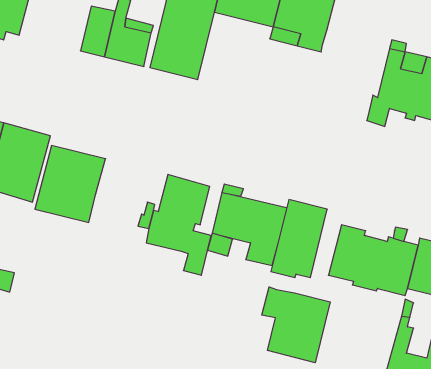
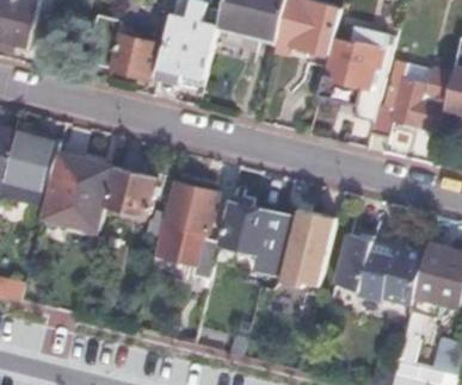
building: none -> [319,24,396,120]
building: none -> [103,168,153,213]
building: [262,287,330,363] -> none

